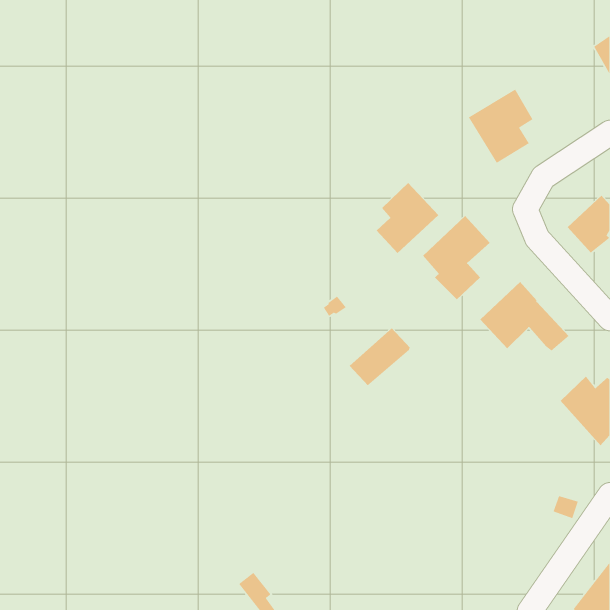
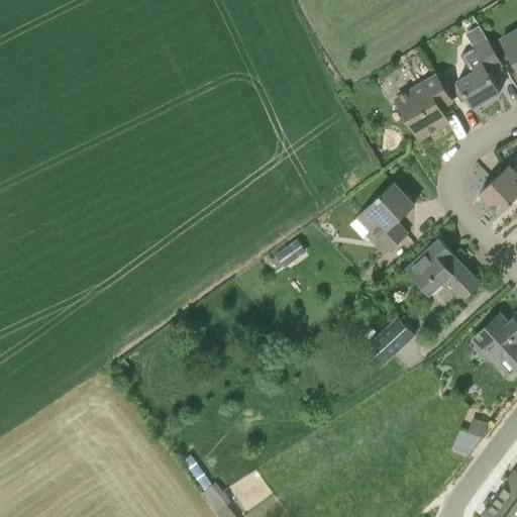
building: none -> [456,40,502,108]
building: [376,182,439,254] -> none
building: [349,328,411,386] -> [363,318,415,368]

